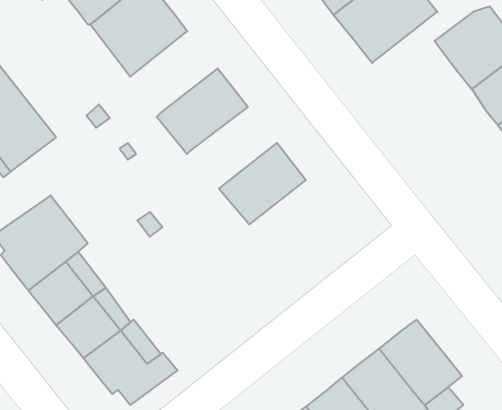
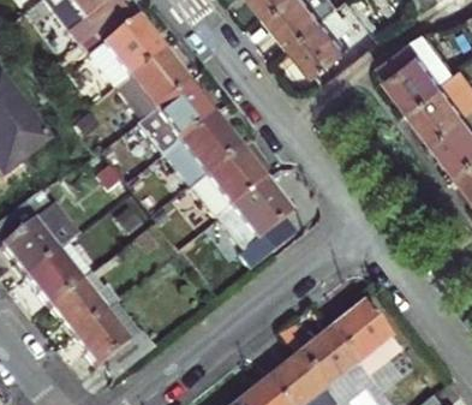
building: none -> [116,50,191,121]
building: none -> [167,117,243,187]
building: none -> [219,180,298,270]

